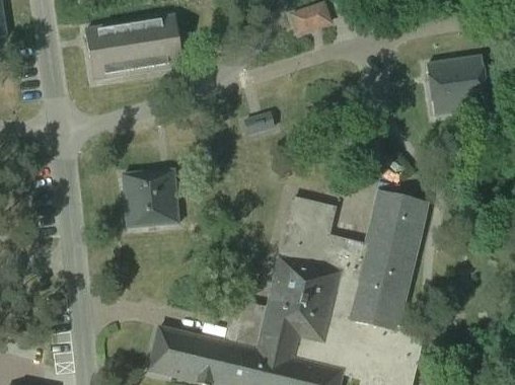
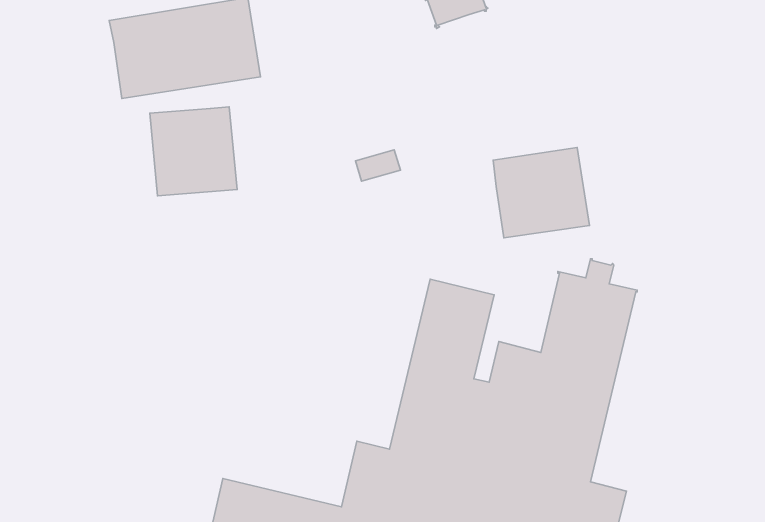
building: [427,56,490,114] -> [493,148,590,238]
building: [123,169,179,227] -> [150,107,237,196]

